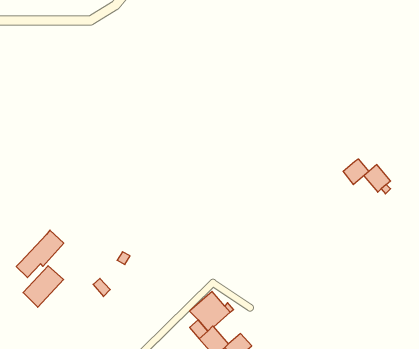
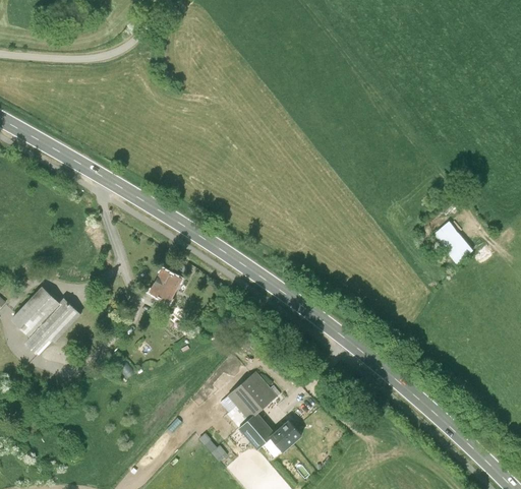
building: [343,159,369,185] -> none
building: none -> [150,269,181,302]
building: [23,266,64,307] -> [11,288,59,337]

